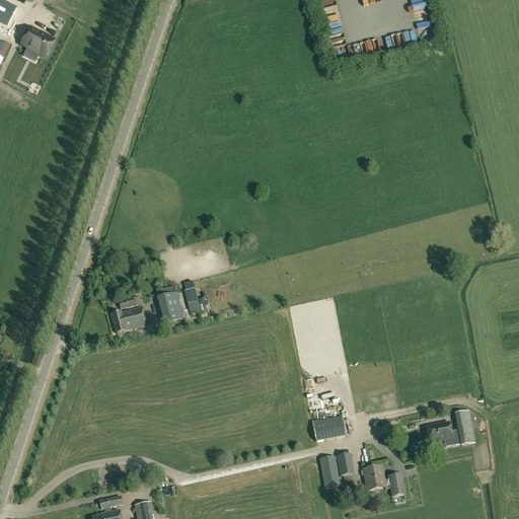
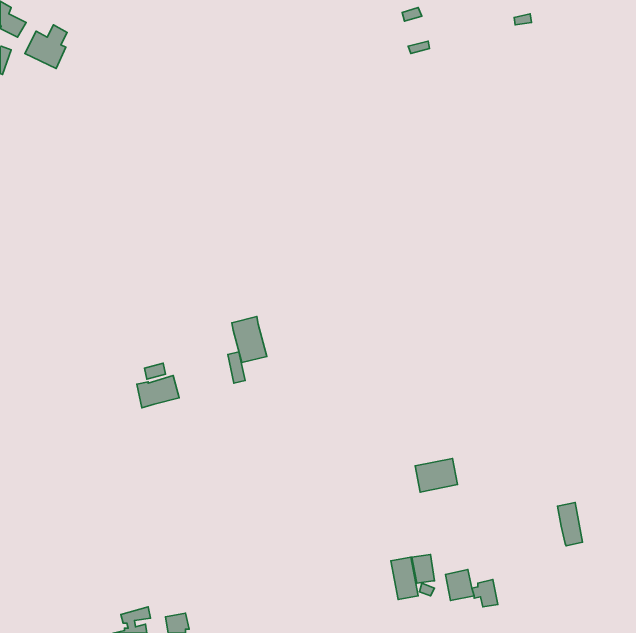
building: [155,285,183,322] -> [232,317,267,363]
building: [311,414,346,441] -> [415,459,457,492]
building: [428,422,460,446] -> none

